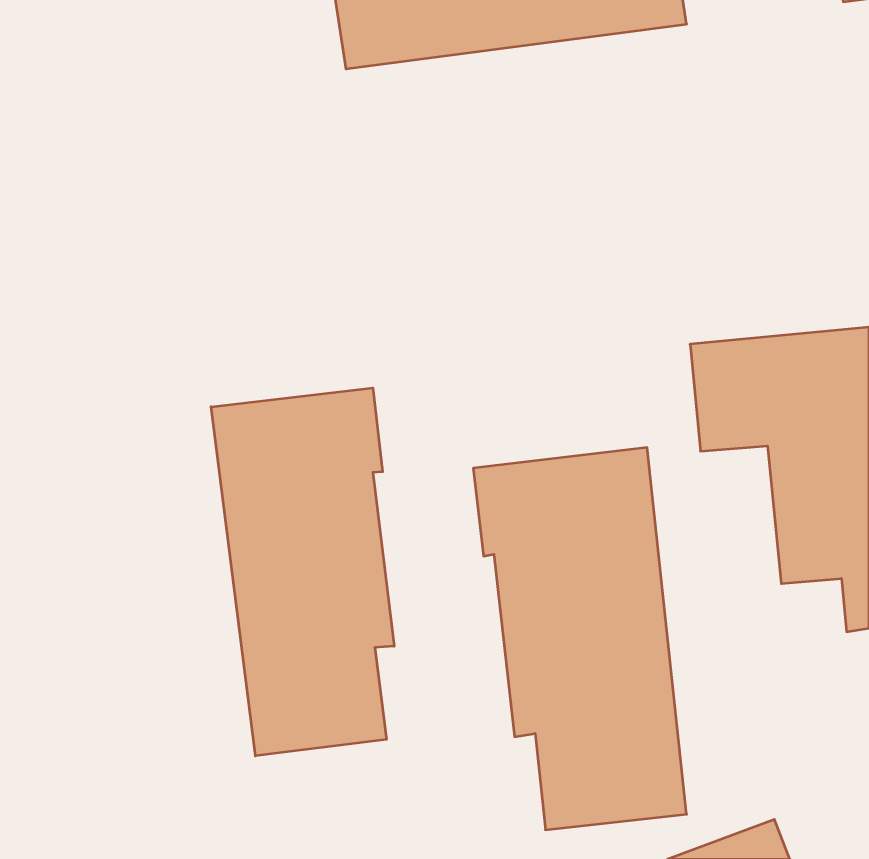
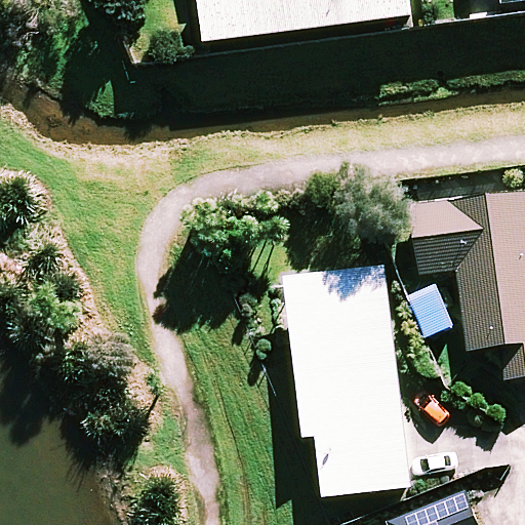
building: [211,388,394,756] -> none

